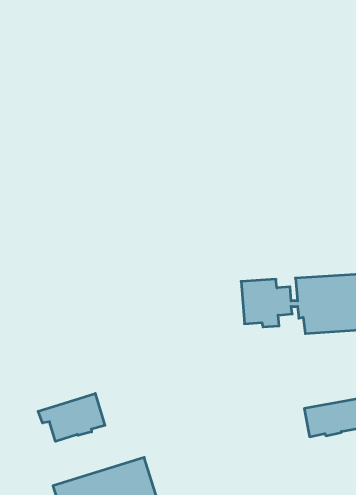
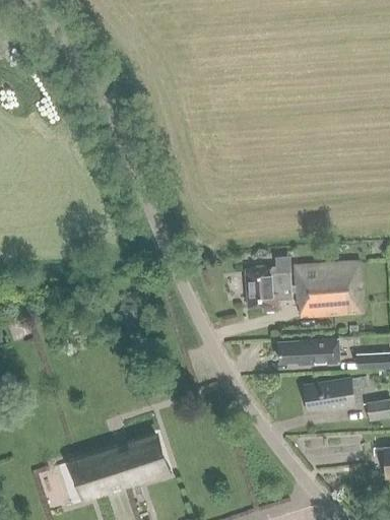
building: none -> [278,338,338,363]
building: [38,393,105,441] -> none

